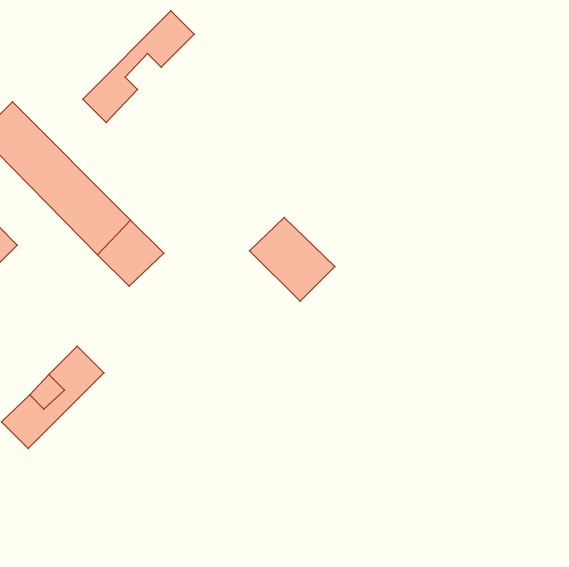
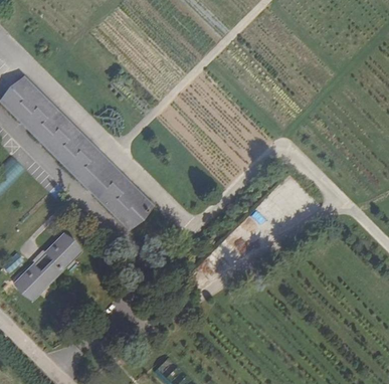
building: [83,11,194,122] -> none
building: [250,218,335,301] -> [96,174,151,227]

